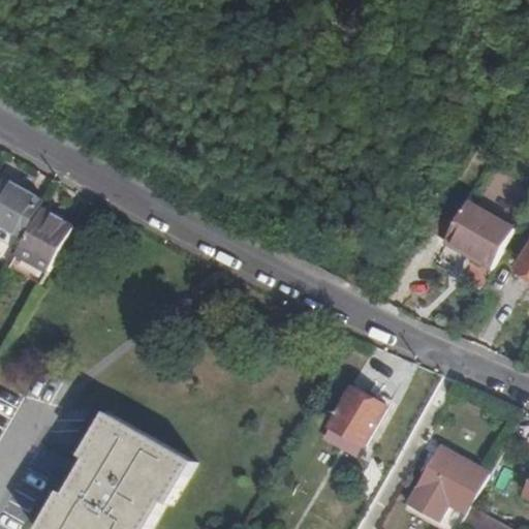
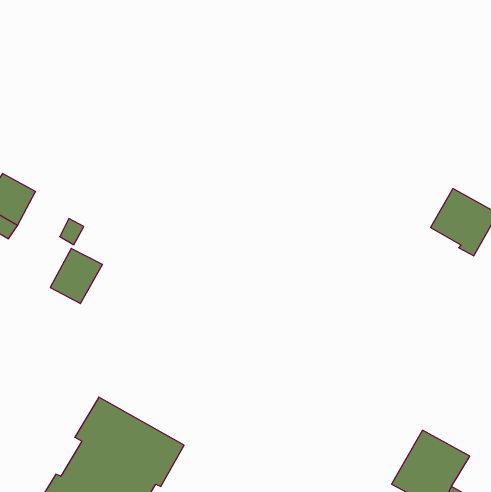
building: [11,215,65,272] -> [50,248,102,304]
building: [326,387,381,444] -> none

